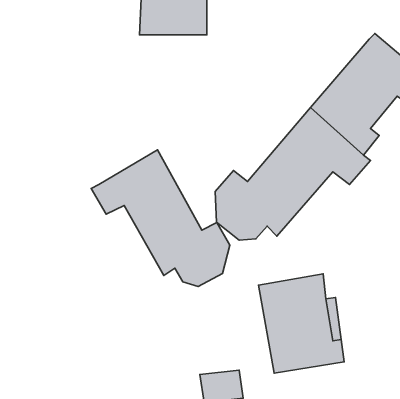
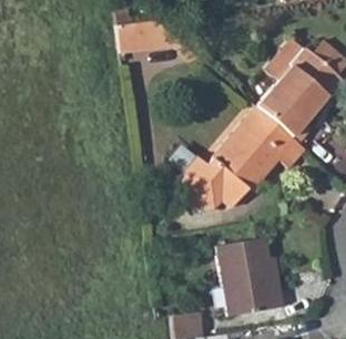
building: [91,150,230,286] -> none

